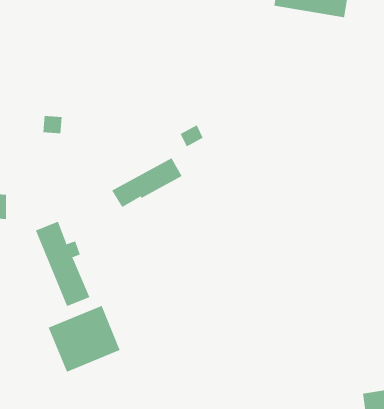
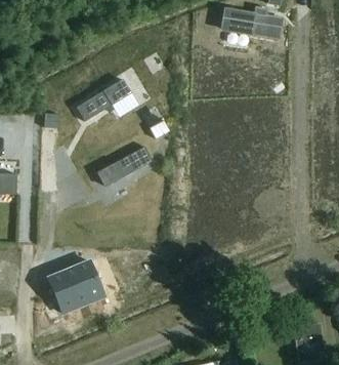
building: none -> [77,79,130,121]
building: [35,221,90,307] -> none

